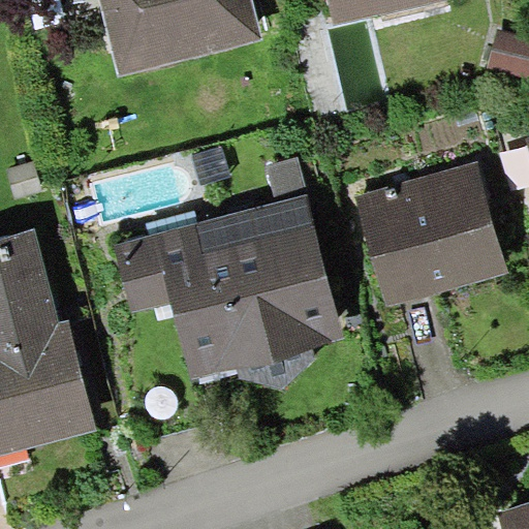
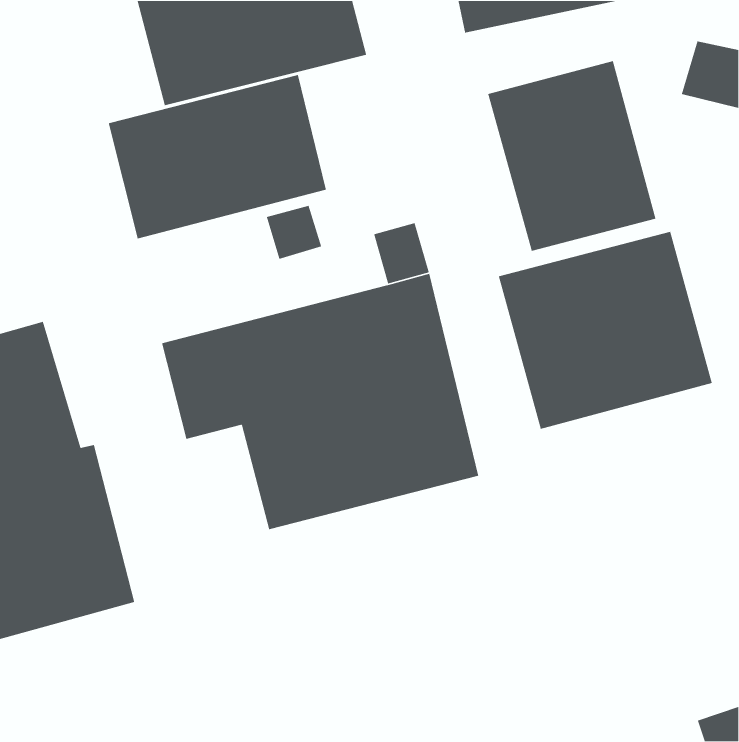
building: none -> [487,60,656,252]
building: none -> [108,74,327,240]

